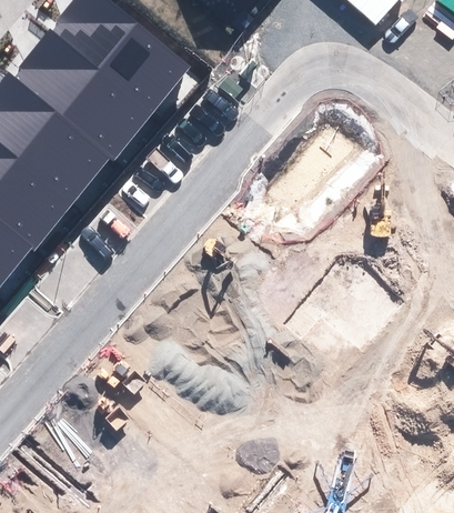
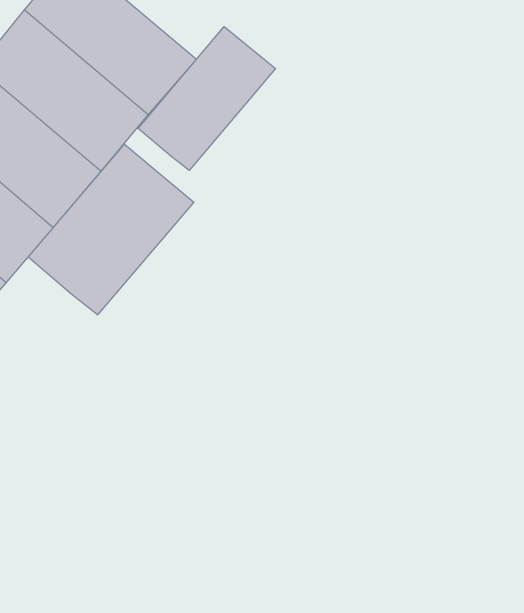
building: none -> [138,27,275,170]
building: none -> [28,144,194,315]

